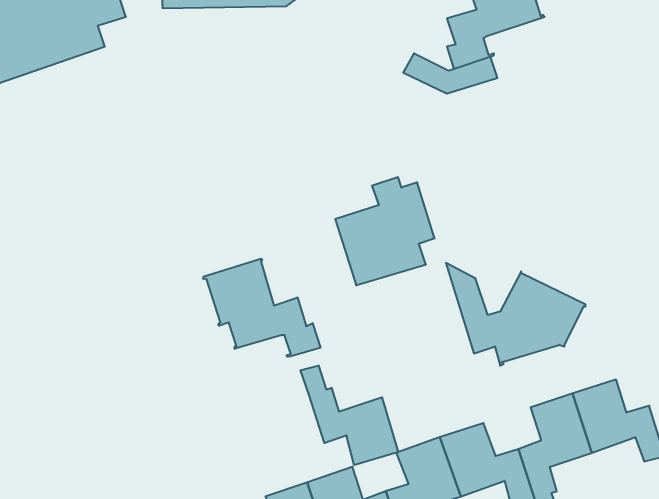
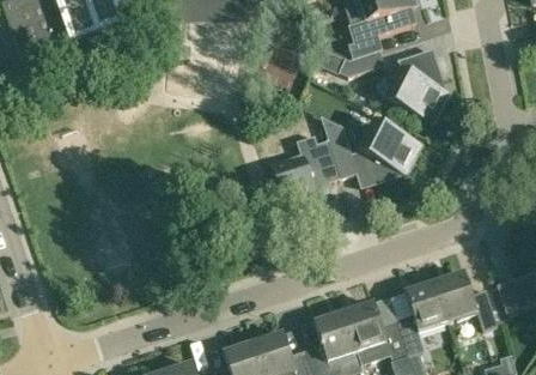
building: none -> [385,48,445,120]
building: [203,259,320,357] -> none
building: [446,263,586,366] -> [322,114,418,185]
building: [301,365,398,465] -> none

